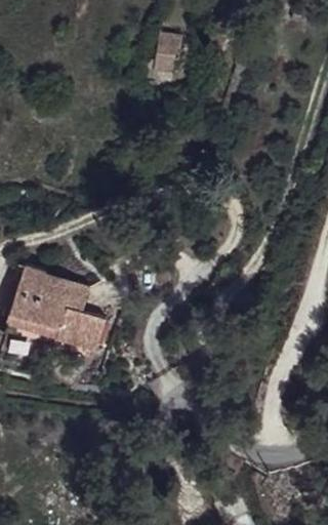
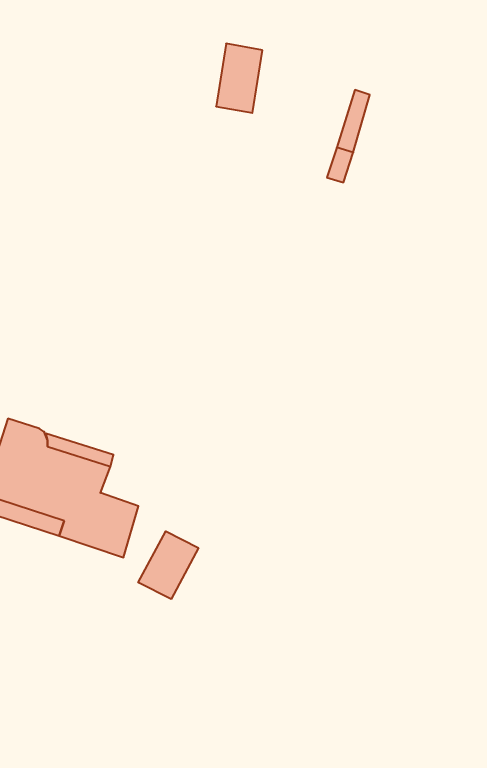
building: none -> [138,531,198,599]

